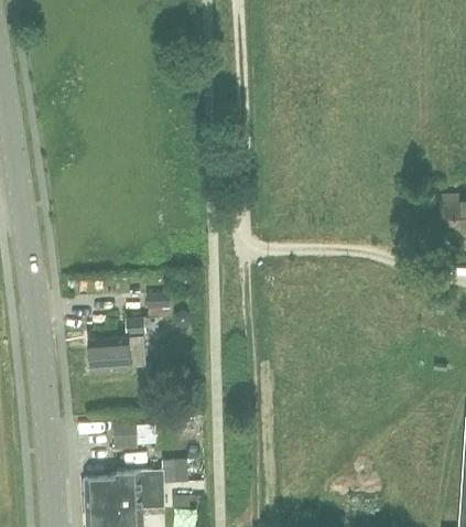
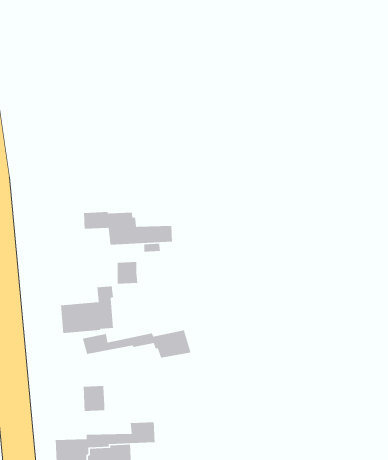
building: none -> [83,211,173,245]
building: none -> [82,330,191,358]

